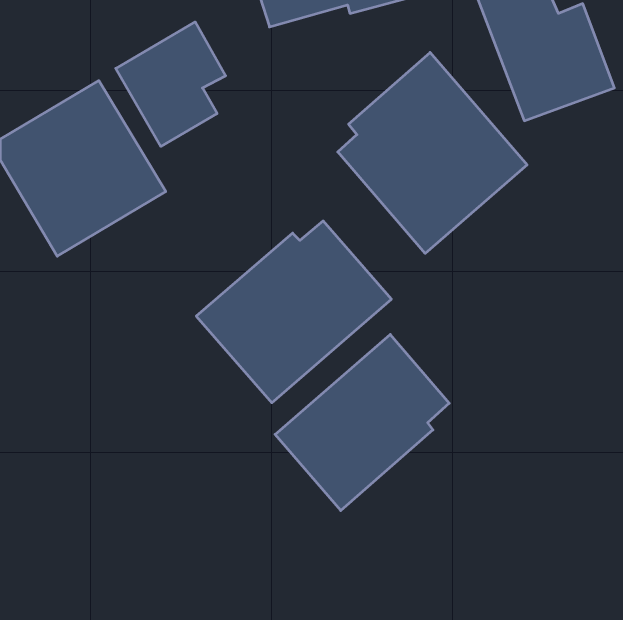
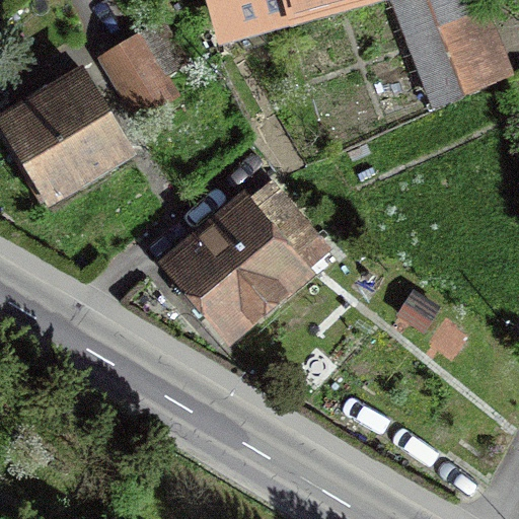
building: [338,52,527,253] -> none
building: [275,334,449,511] -> none

